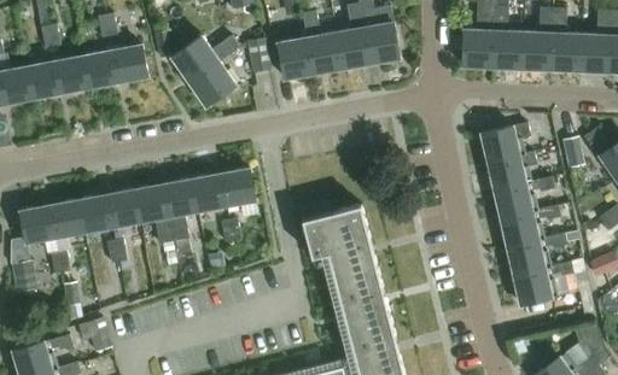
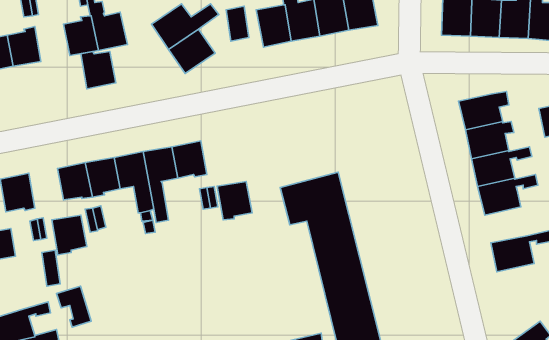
building: [56,55,91,93] -> [81,52,116,89]
building: [222,168,257,206] -> [217,181,252,220]
building: [49,200,84,240] -> [52,215,87,255]
building: [507,235,566,275] -> none

